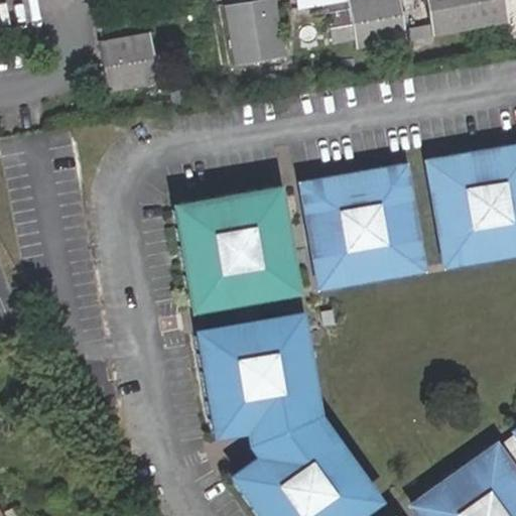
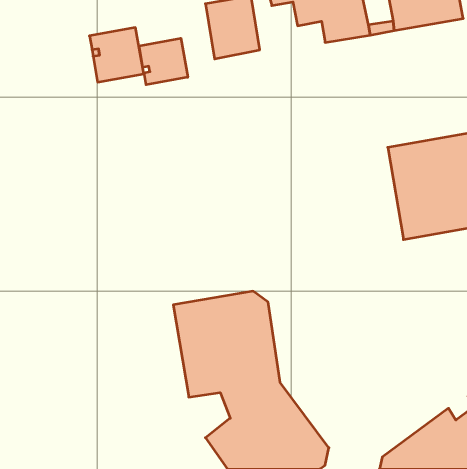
building: none -> [139,38,188,85]
building: [302,167,421,282] -> none
building: [174,191,290,309] -> none

